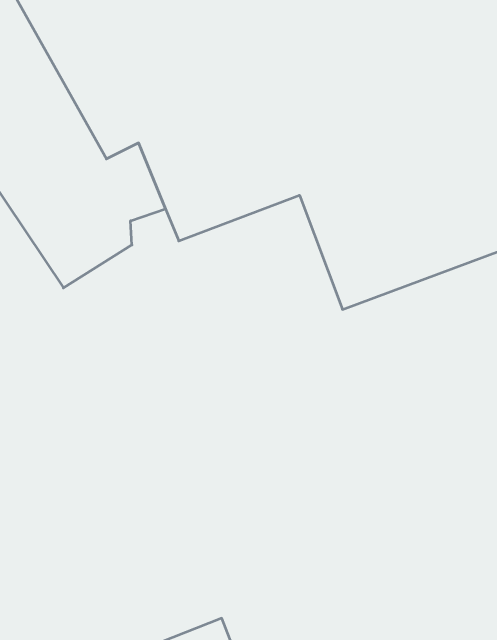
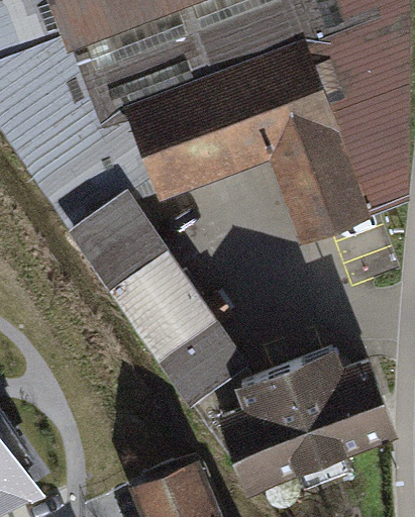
building: none -> [74,200,242,402]
building: none -> [225,355,395,490]

